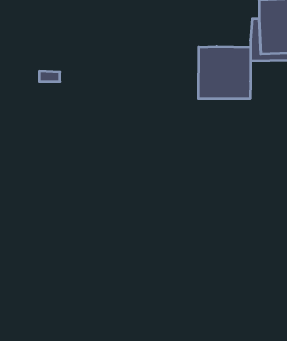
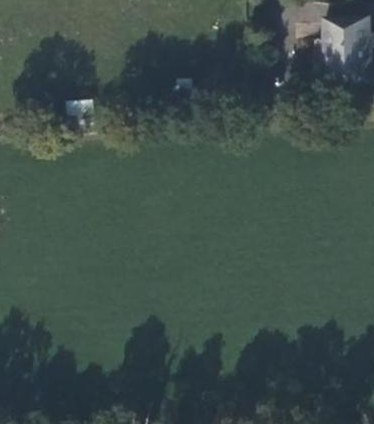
building: [198,46,250,99] -> none

